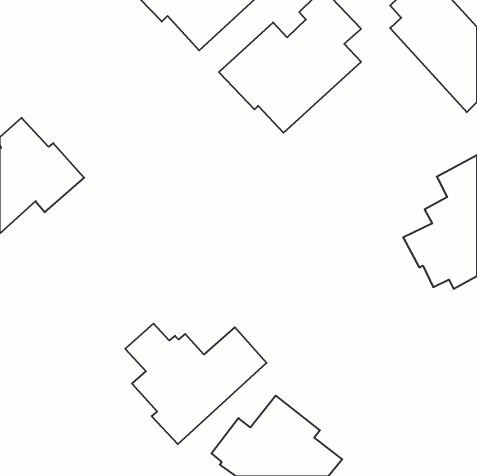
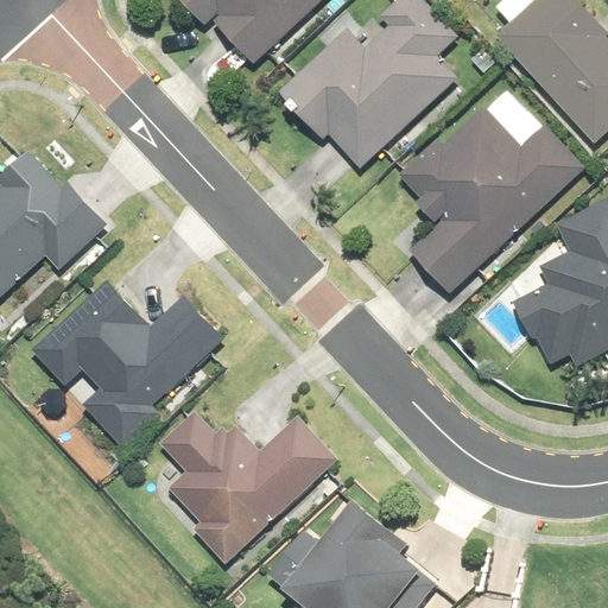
building: none -> [398,90,584,293]
building: none -> [31,280,223,448]

